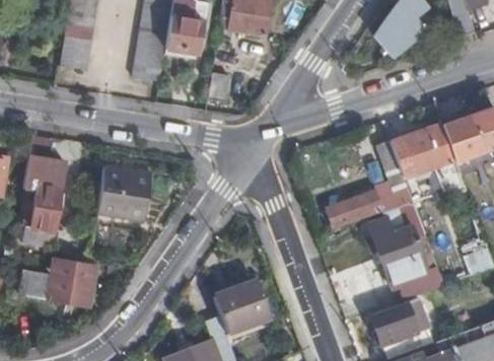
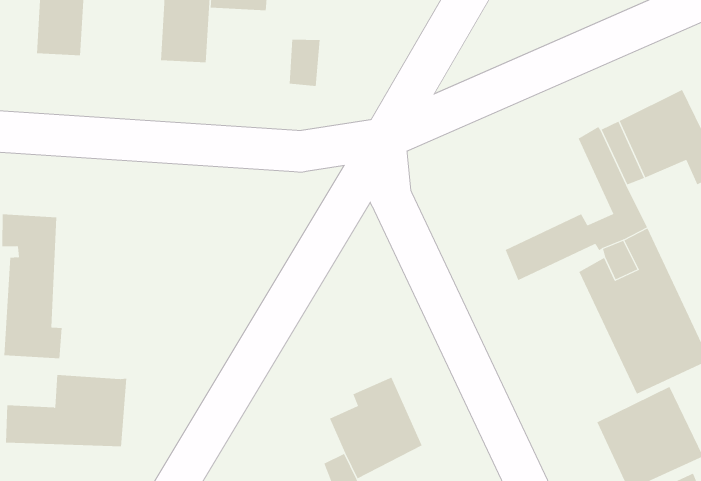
building: [99,166,150,219] -> none

